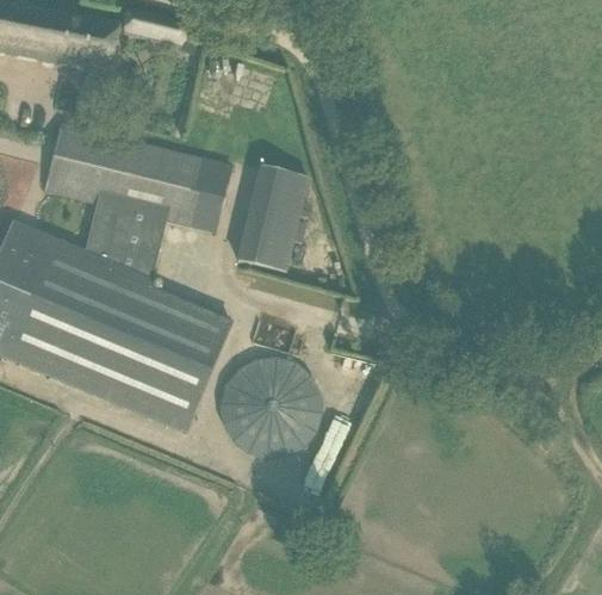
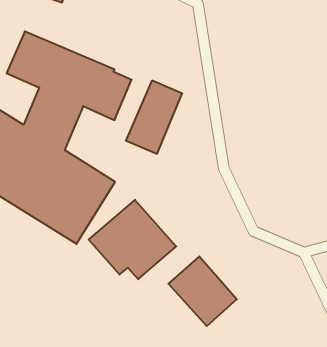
building: none -> [168,256,237,326]

